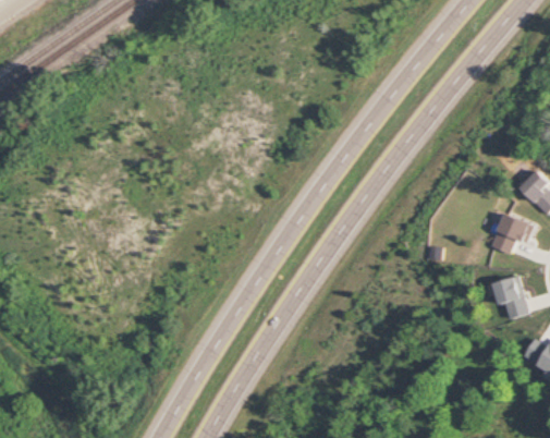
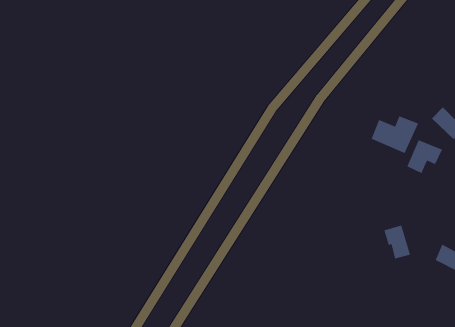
building: none -> [371,115,419,154]
building: [494,277,527,318] -> [384,225,411,259]

